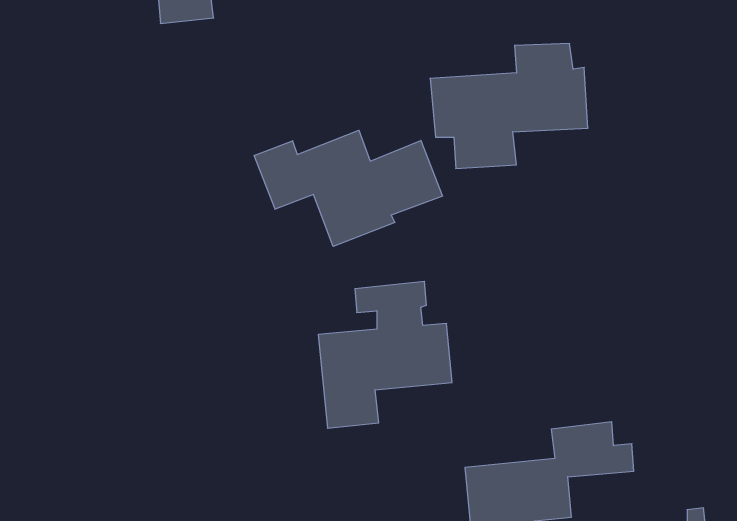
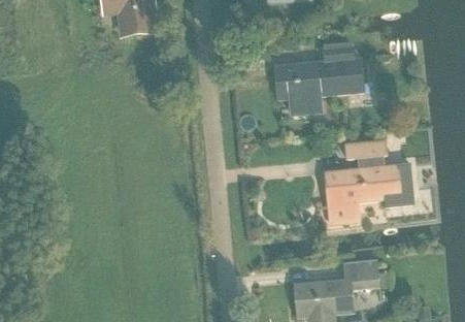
building: [254,130,443,246] -> none
building: [318,281,452,428] -> [325,141,400,224]

